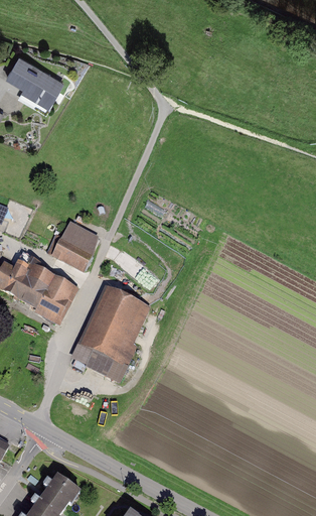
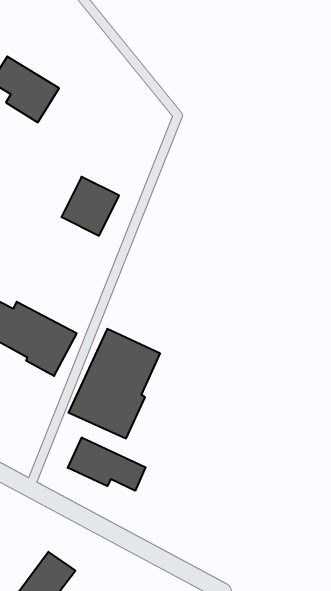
building: [52,221,102,271] -> [61,177,119,236]
building: none -> [68,437,146,491]

